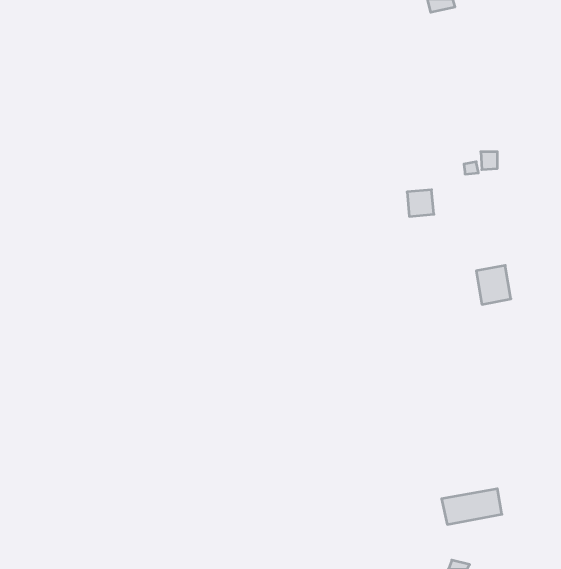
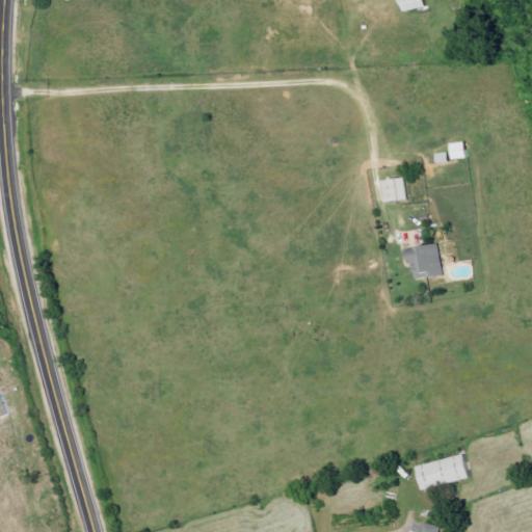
building: [476,265,511,304] -> [408,243,441,280]

